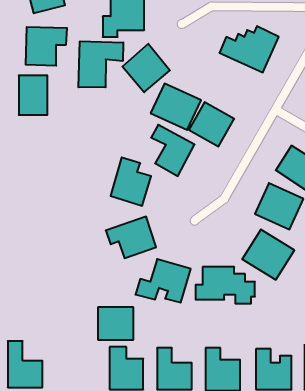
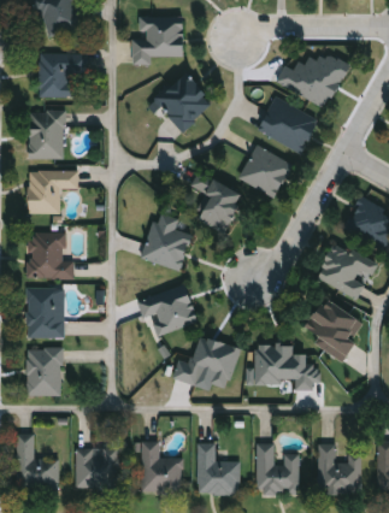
building: [78,41,123,87] -> none
building: [151,84,201,130] -> [257,96,318,153]
building: none -> [29,171,77,213]
building: none -> [26,231,73,278]
building: none -> [26,288,63,338]
building: none -> [26,348,63,396]
building: [98,307,133,340] -> [76,448,119,488]

